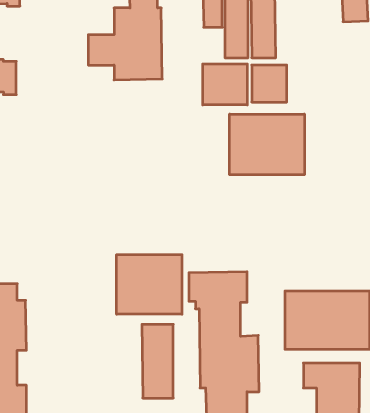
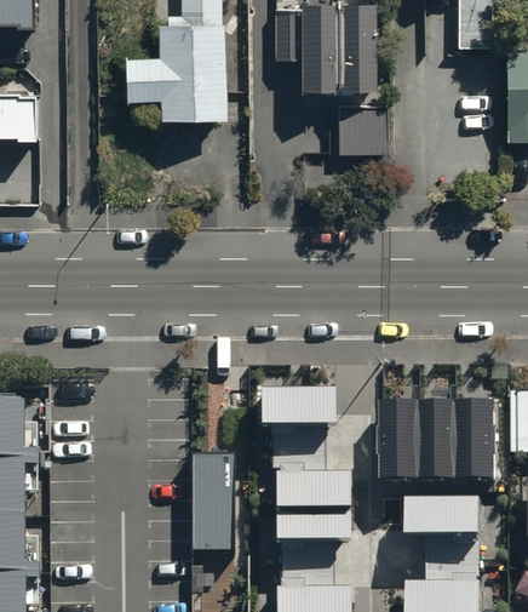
building: [203,64,247,105] -> none
building: [230,114,304,175] -> none
building: [117,255,182,314] -> none

